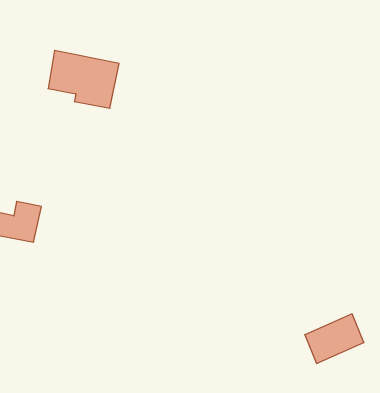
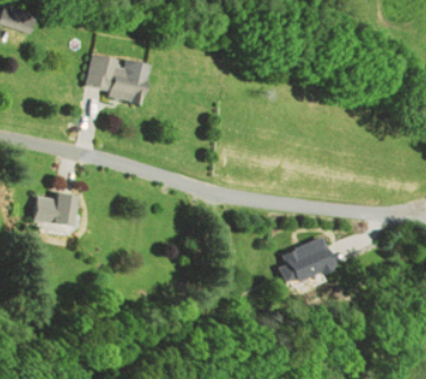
building: [305,314,364,364] -> [281,238,335,283]

